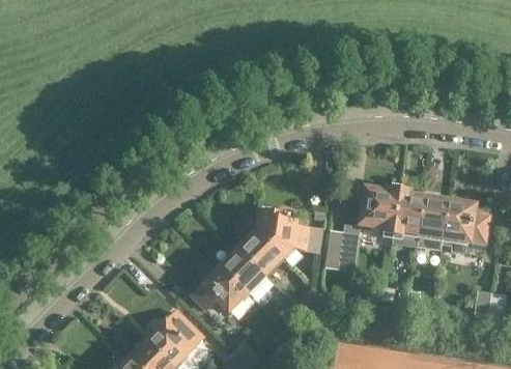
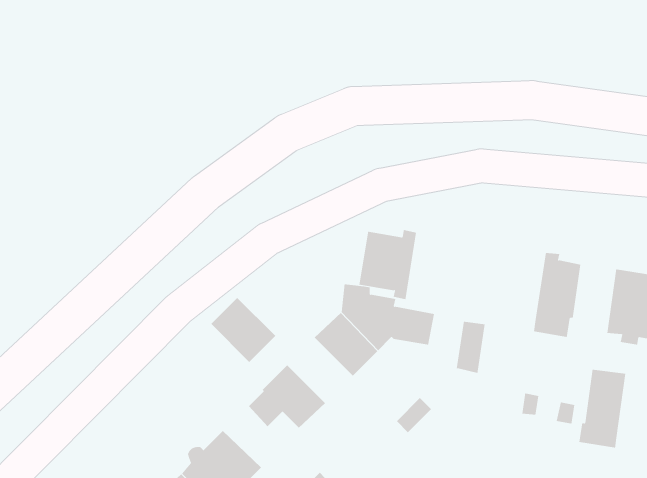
building: [359,184,399,233] -> [358,230,417,300]
building: [415,195,448,250] -> [578,369,626,448]
building: [220,246,265,291] -> [210,297,276,363]

